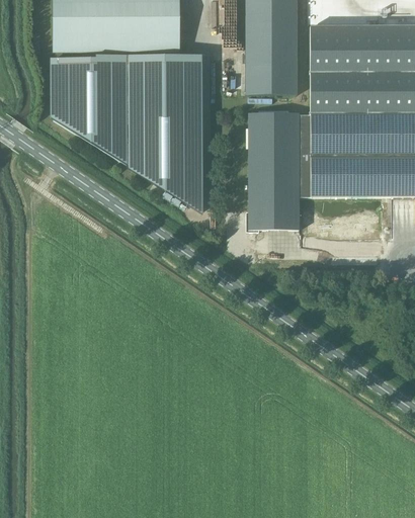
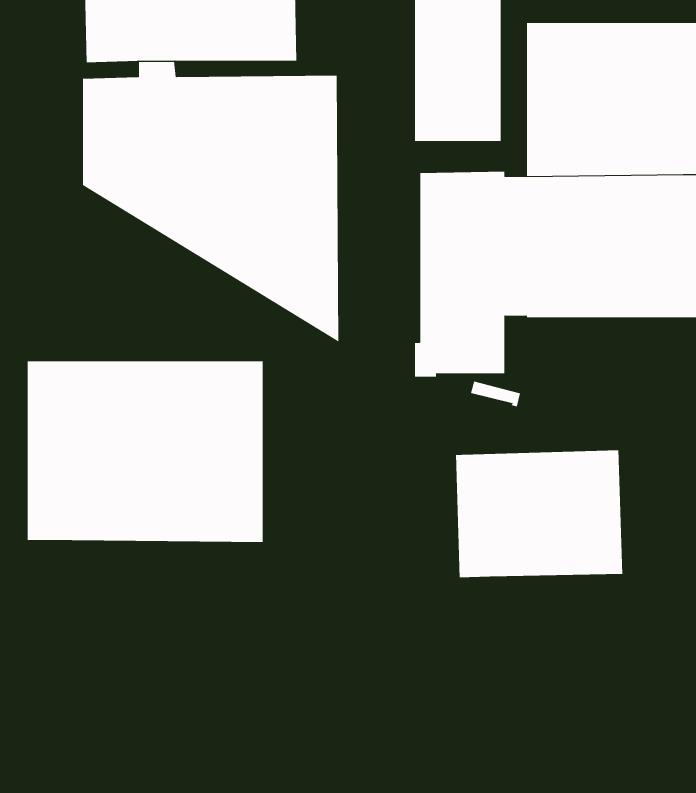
building: none -> [27,360,263,543]
building: none -> [455,449,623,578]

